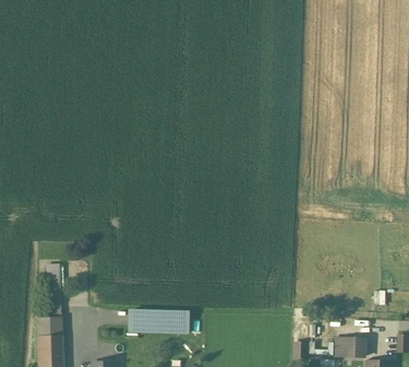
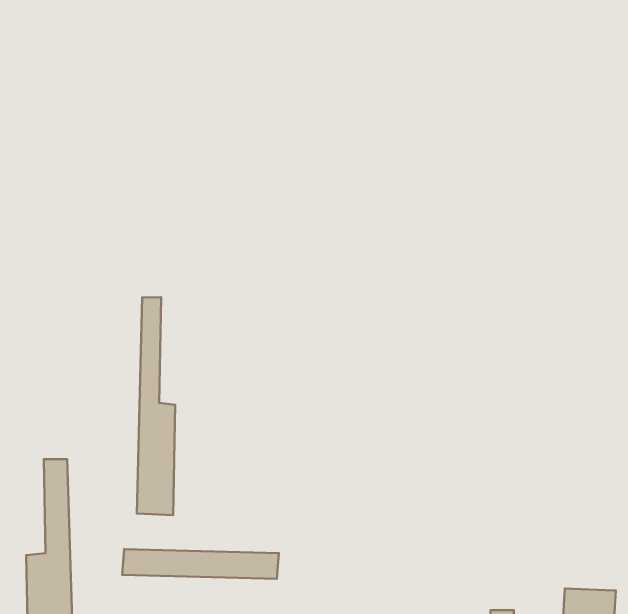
building: none -> [137,297,175,515]

